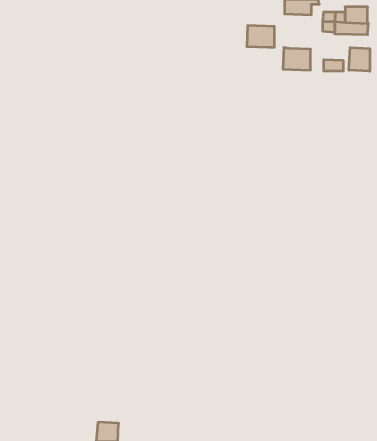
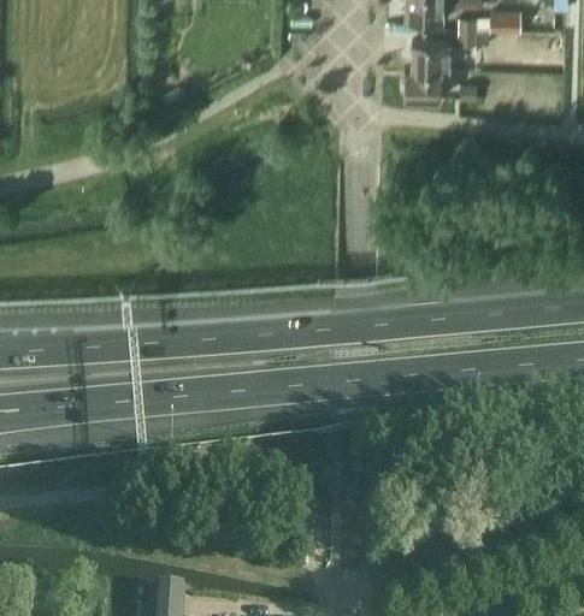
building: [247,26,274,47] -> [414,38,453,69]
building: [349,48,370,71] -> none

